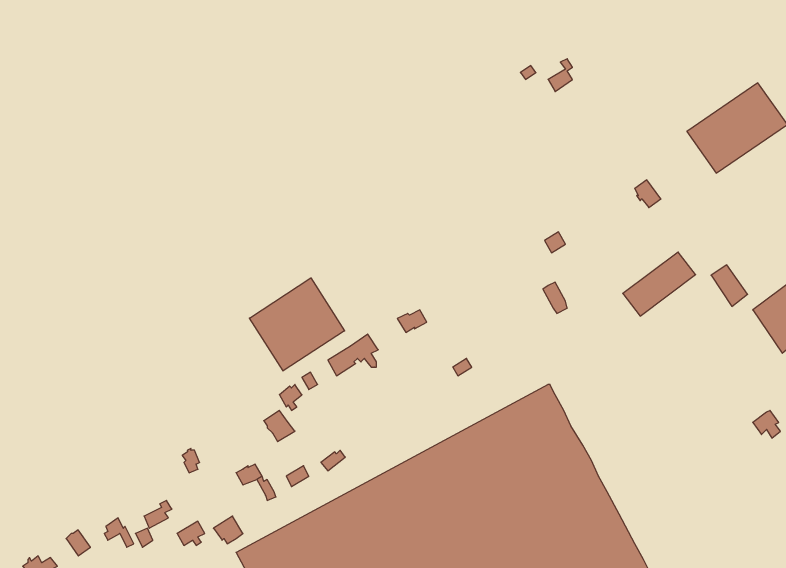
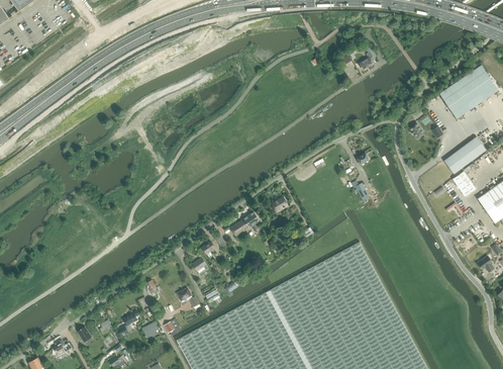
building: [623,252,696,316] -> [443,136,486,174]
building: [249,278,345,371] -> none

